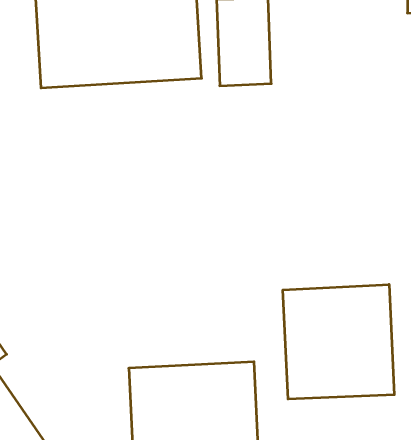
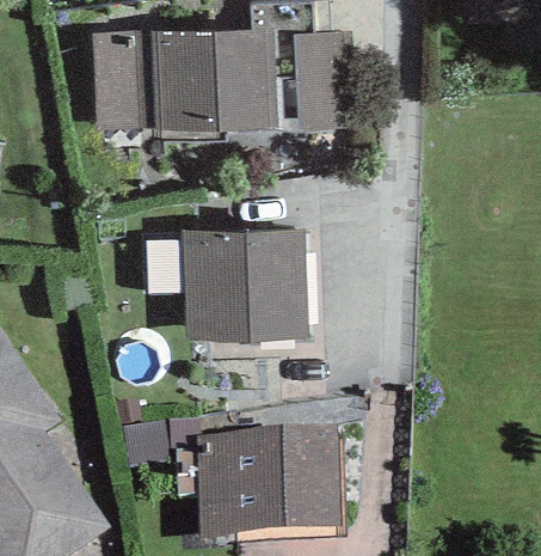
building: none -> [183,220,308,335]
building: [283,284,394,399] -> none

